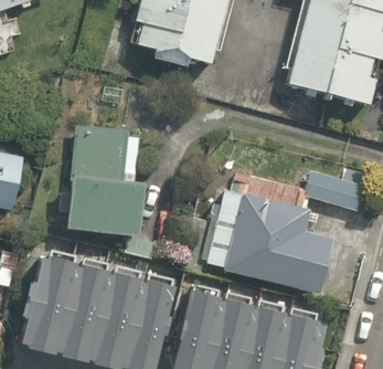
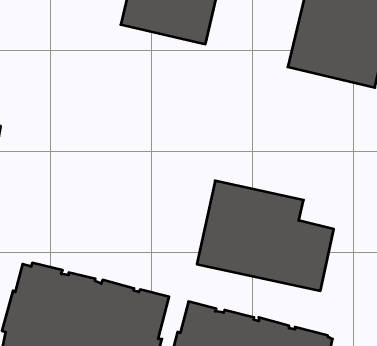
building: [62,127,142,230] -> none
building: [300,167,364,208] -> none

